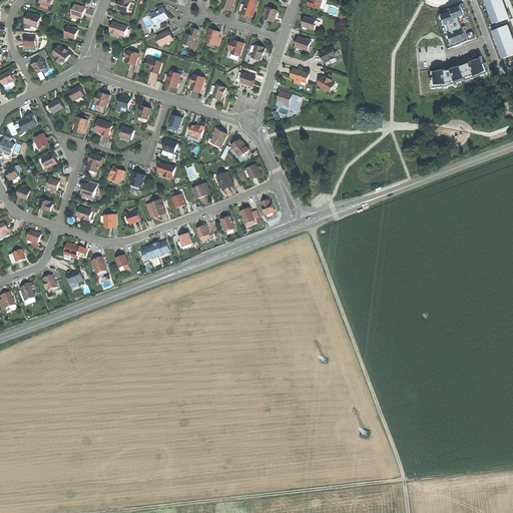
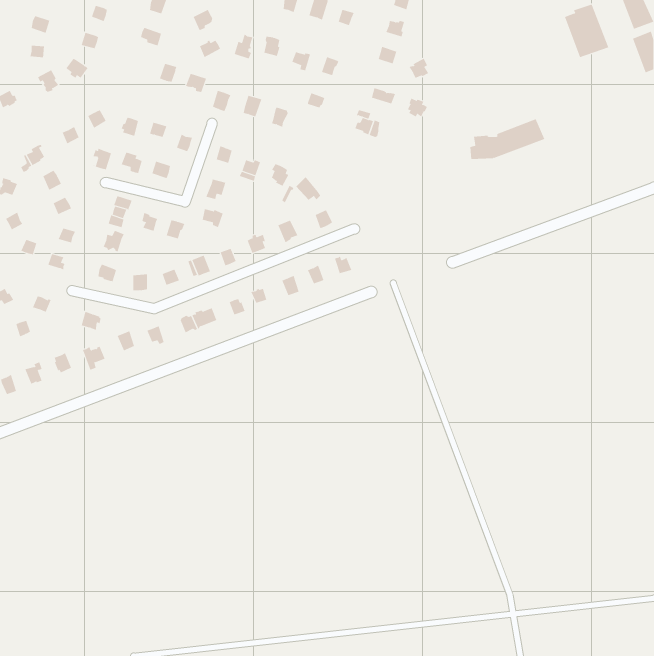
building: [429,55,488,87] -> [469,118,545,160]

